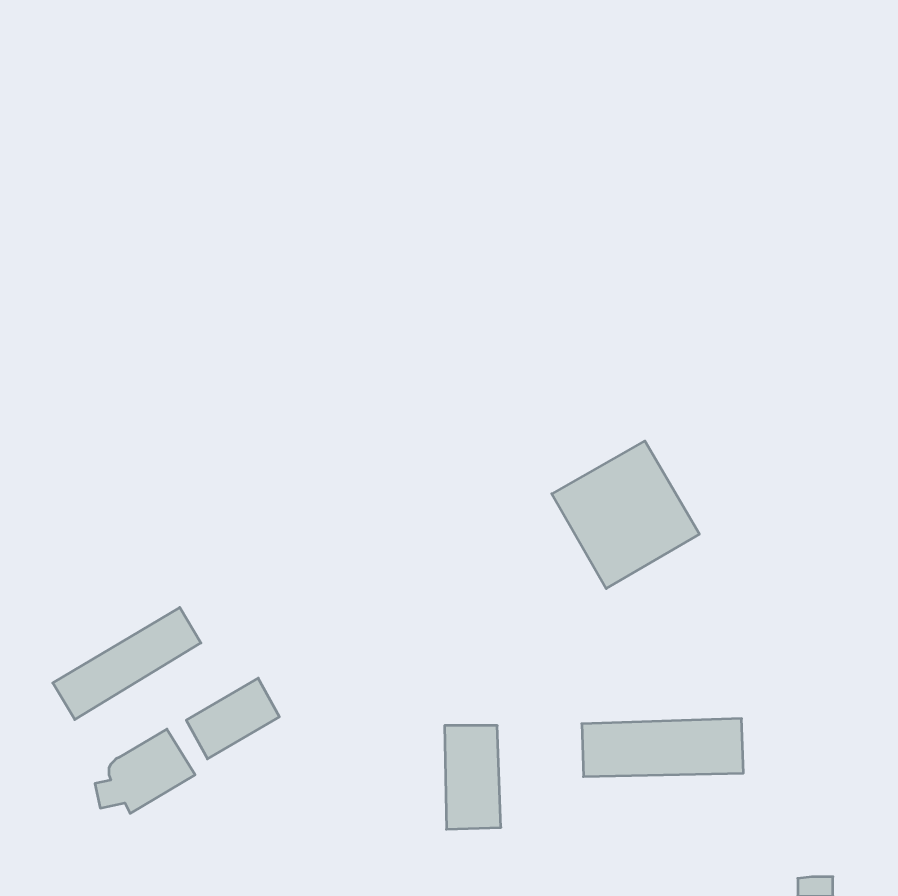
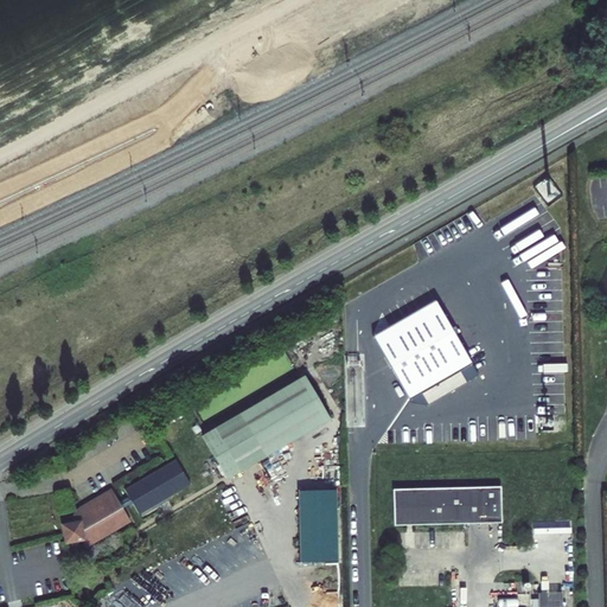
building: none -> [203,376,331,480]
building: [53,607,201,720] -> none

